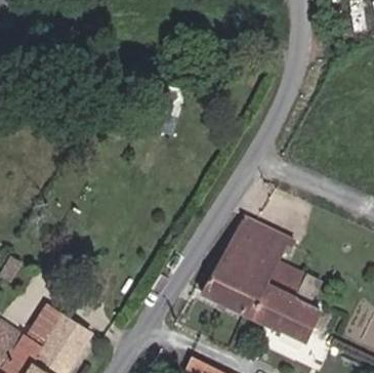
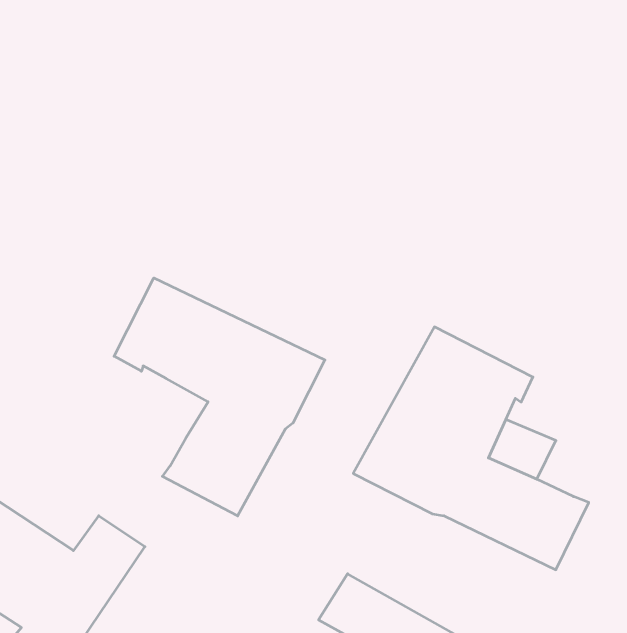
building: none -> [114,278,325,516]

